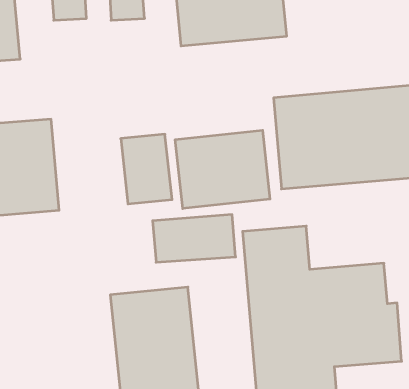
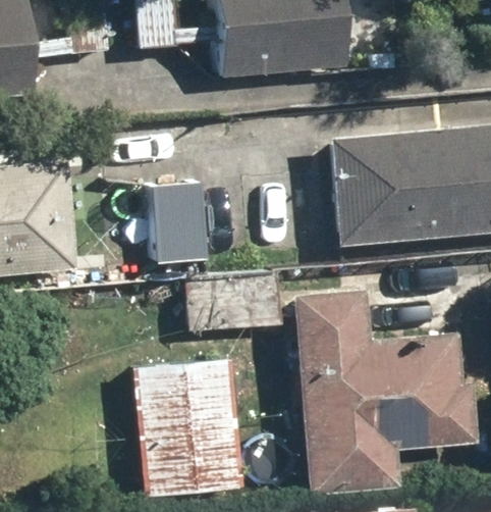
building: [175,130,270,209] -> none

